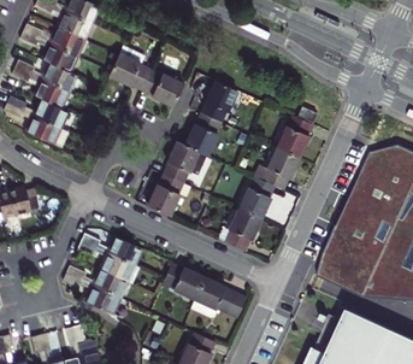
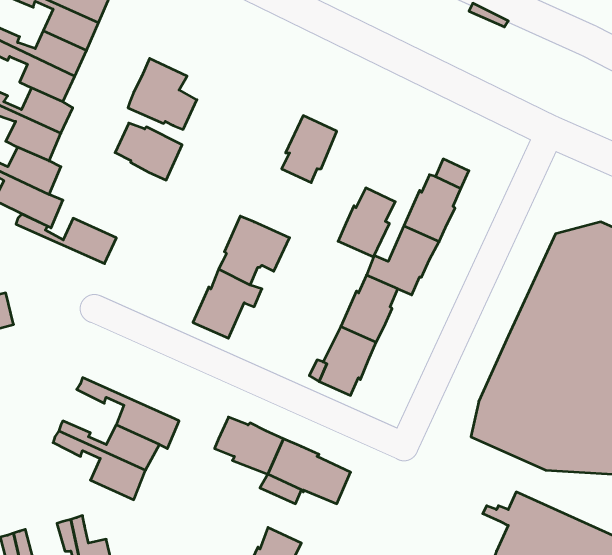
building: [142,70,183,105] -> [115,123,182,180]
building: [185,112,220,154] -> [338,188,395,257]
building: [81,234,142,264] -> [16,214,116,264]

